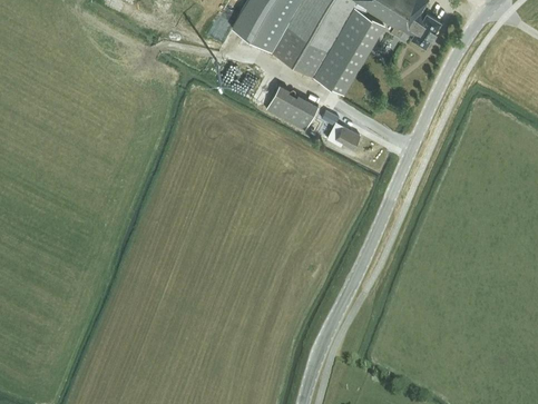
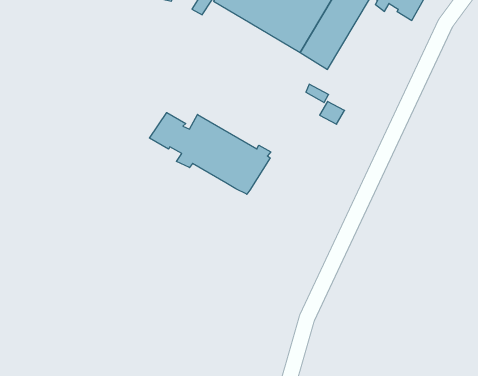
building: [267,83,320,129] -> none
building: none -> [149,113,271,194]

